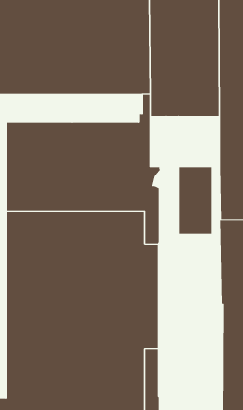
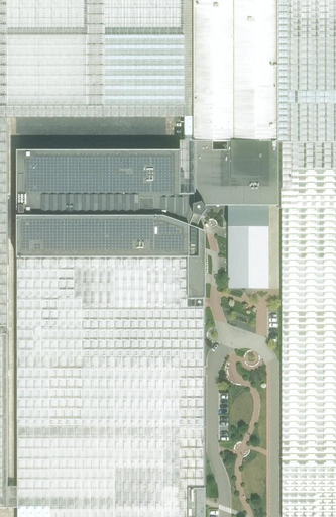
building: none -> [194,144,278,206]

